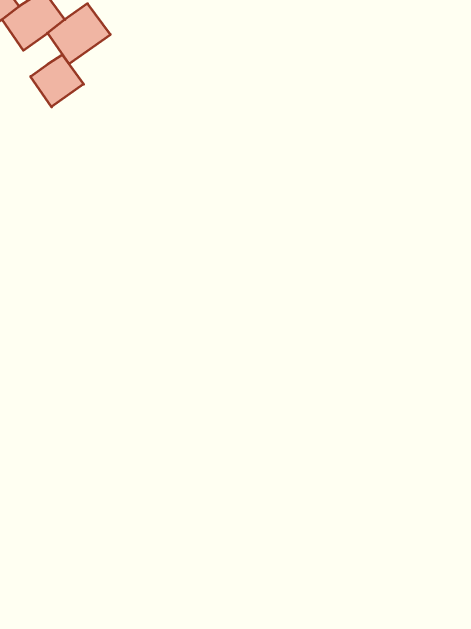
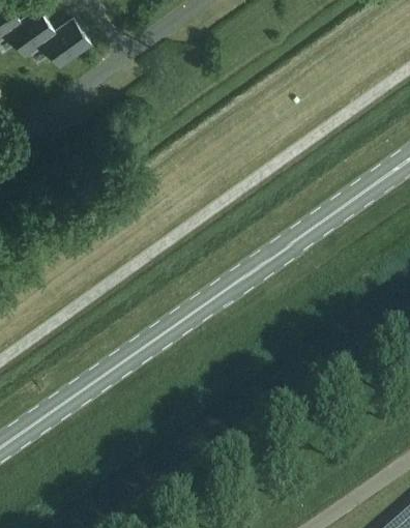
building: [31,55,84,107] -> none

